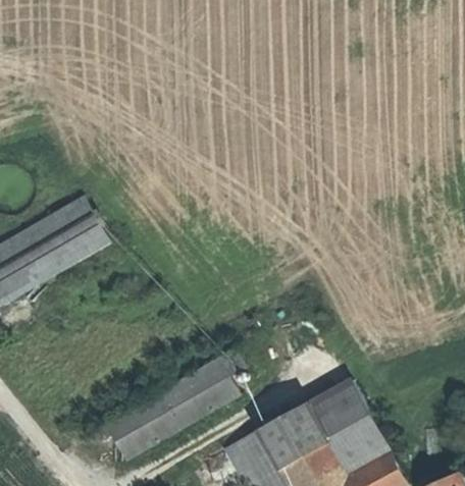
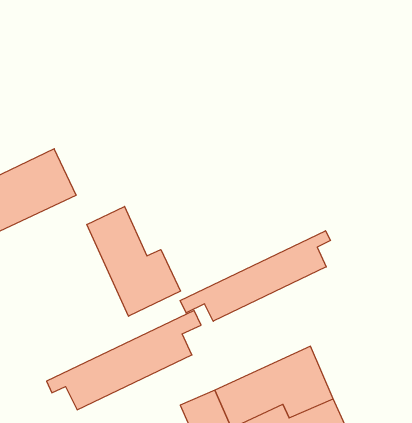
building: none -> [87,206,181,316]
building: none -> [180,231,330,321]

